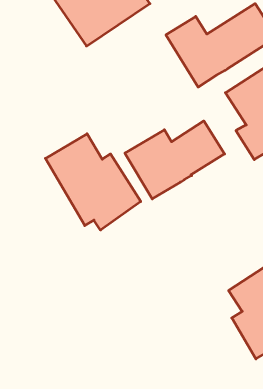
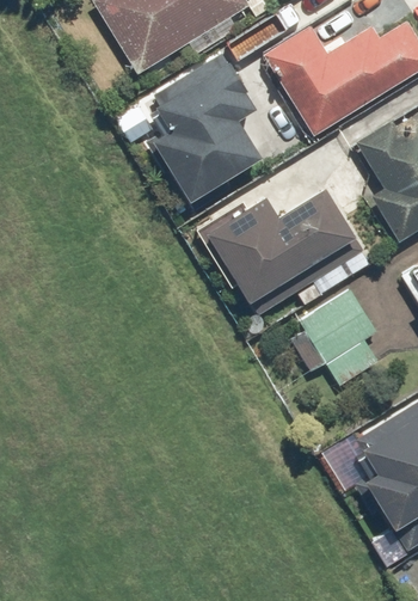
building: none -> [153,53,270,198]
building: [45,134,141,230] -> none
building: none -> [302,294,376,363]

